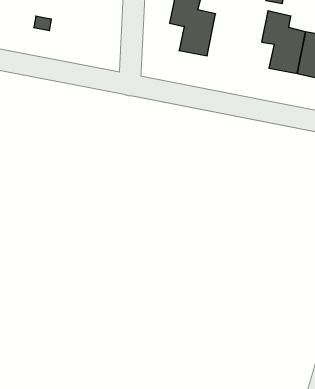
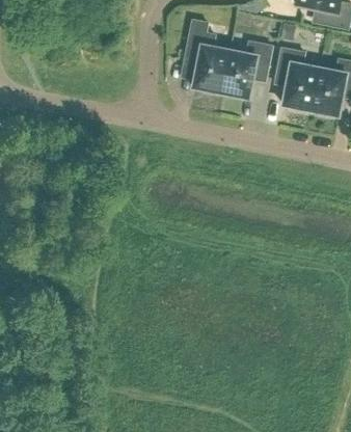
building: none -> [221,42,272,99]

